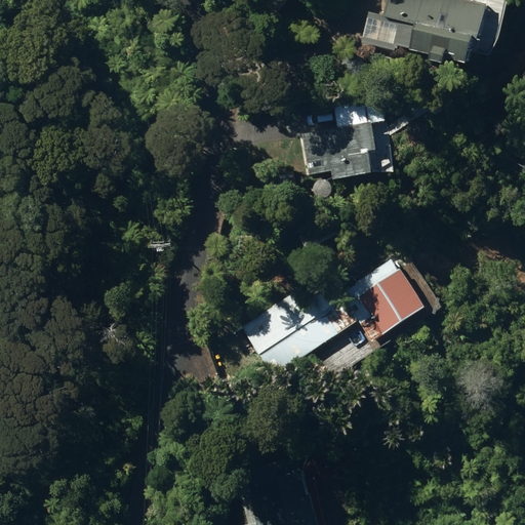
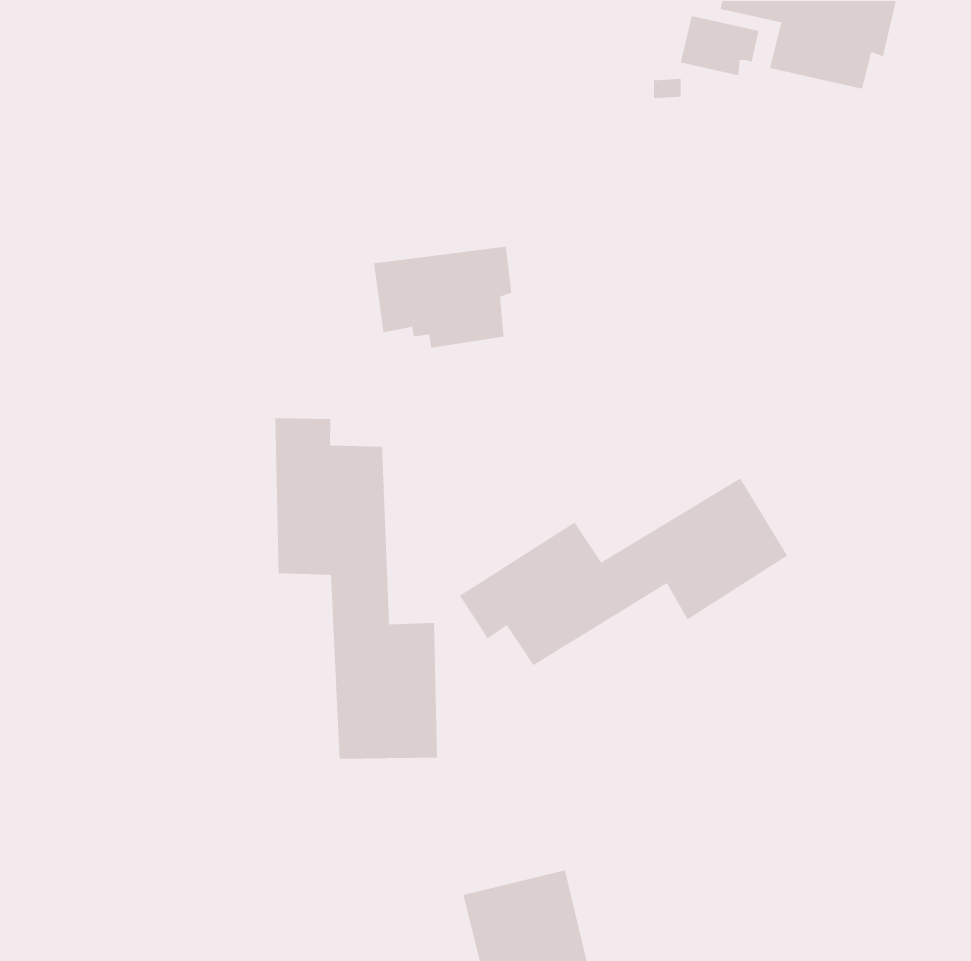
building: [300,125,375,180] -> [373,246,512,348]
building: none -> [275,417,438,760]

